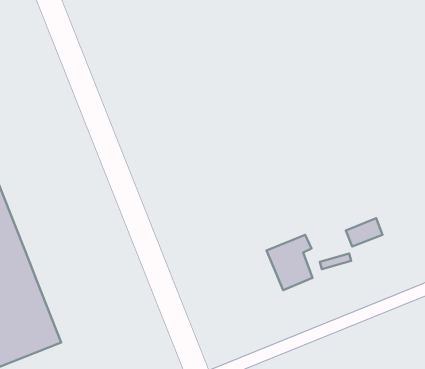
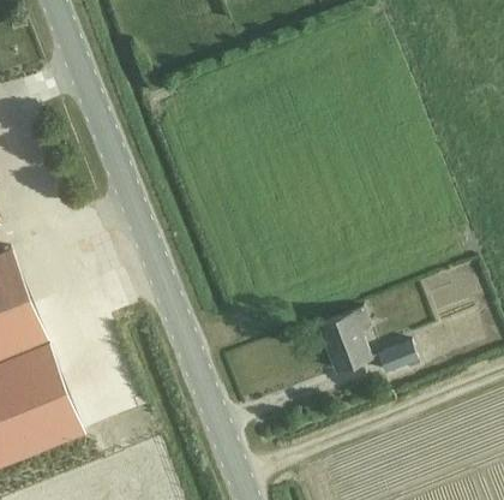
building: [346,218,383,246] -> [376,344,418,376]

